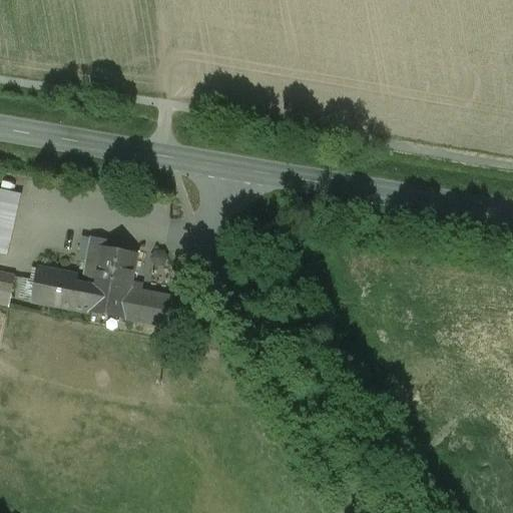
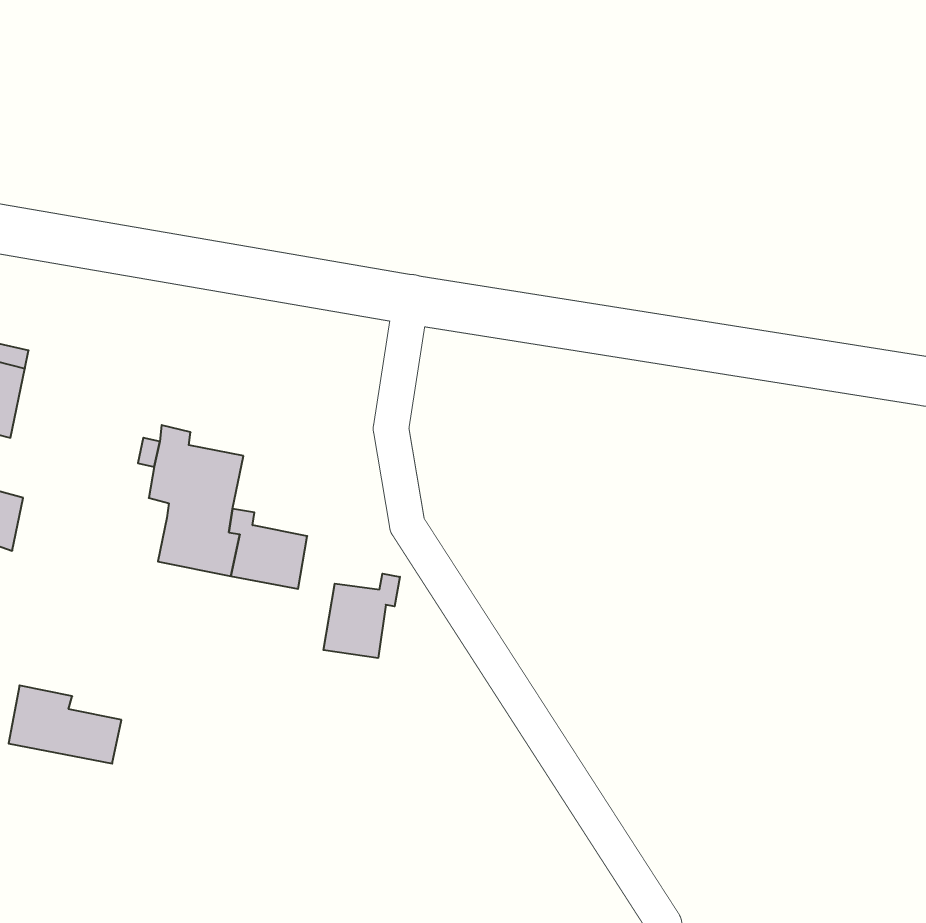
building: [31,267,93,310] -> [9,685,121,764]
building: none -> [323,574,400,658]

